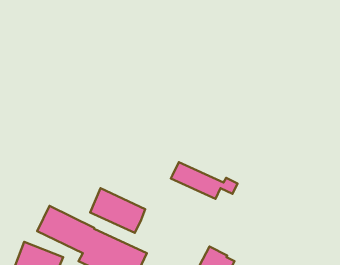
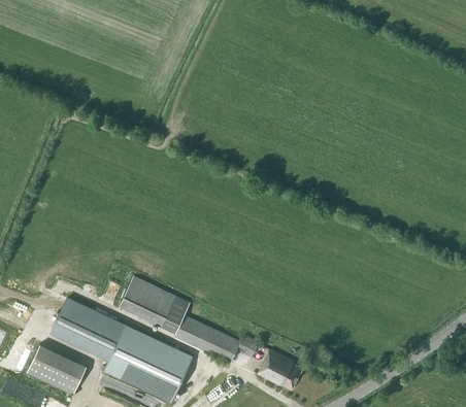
building: [171,162,237,199] -> [174,316,259,363]

